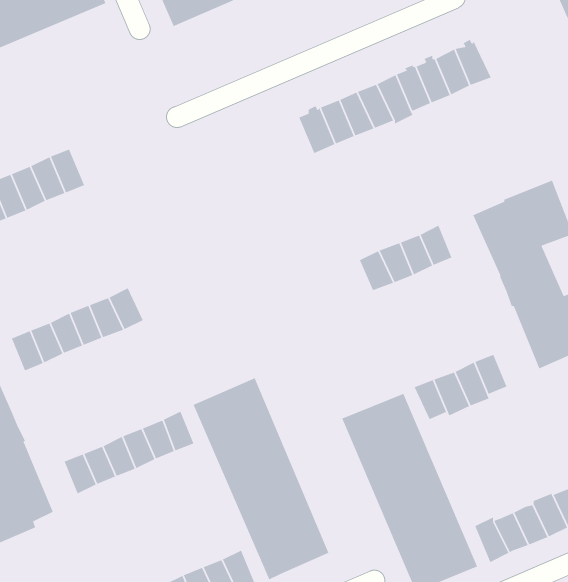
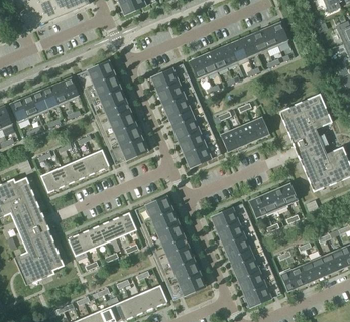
building: none -> [77,60,147,165]
building: none -> [150,63,221,167]

